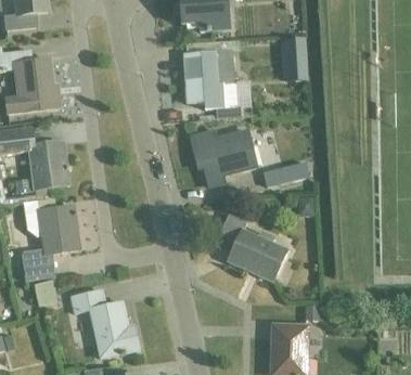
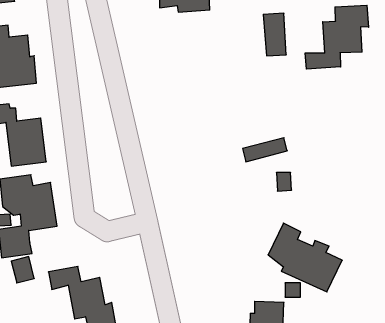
building: none -> [305,5,369,69]
building: [183,51,236,109] -> none
building: [191,130,256,186] -> none
building: [214,212,287,281] -> [268,223,342,292]

